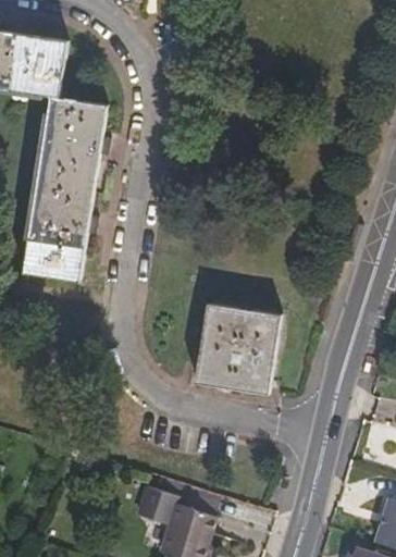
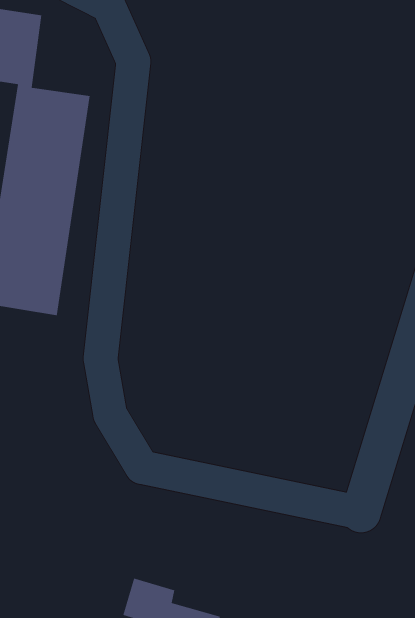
building: [193,304,282,398] -> none

